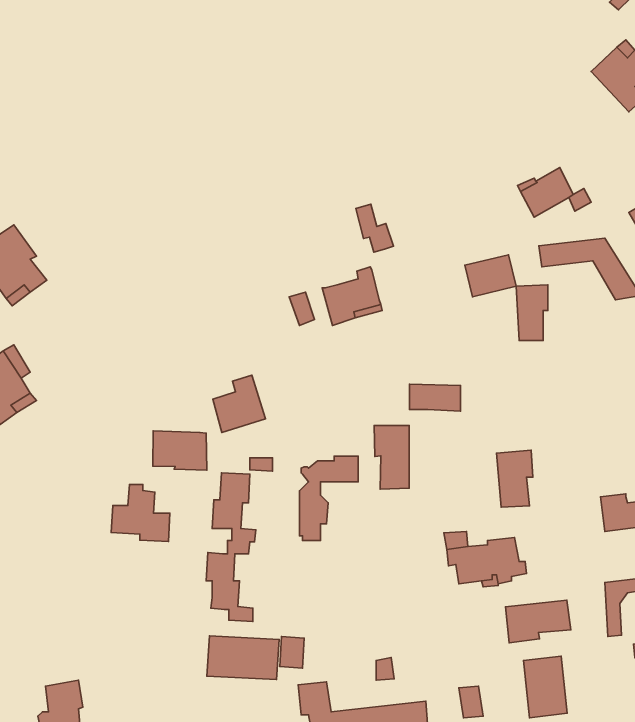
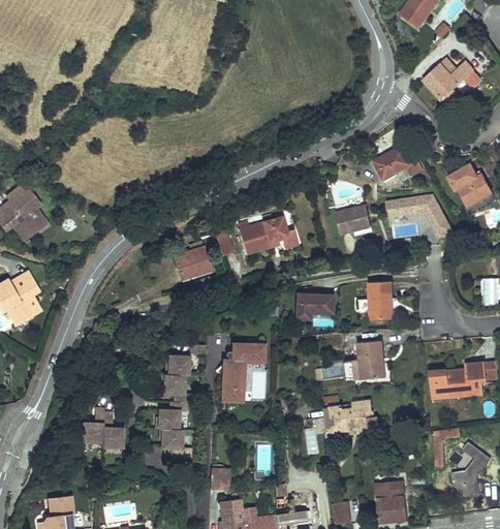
building: [356,204,393,252] -> [272,213,298,246]
building: [516,285,548,340] -> [369,281,390,319]
building: [213,375,265,432] -> [174,239,210,278]
building: [374,425,409,489] -> none
building: [153,431,207,470] -> none
building: [111,485,170,542] -> [83,409,123,448]
building: [506,600,571,643] -> none
building: [207,636,279,680] -> none

